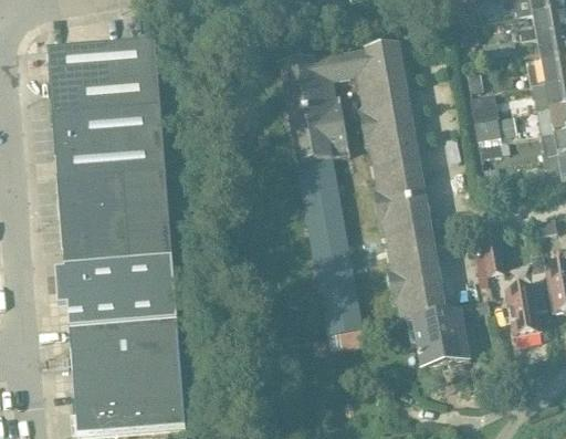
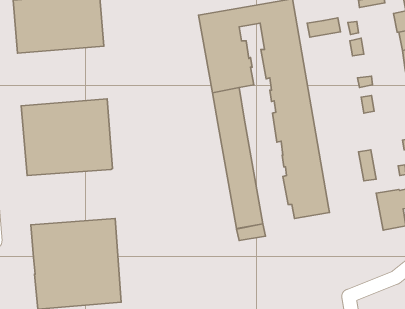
building: [53,103,166,178] -> none
building: [475,114,517,138] -> [307,18,340,37]
building: [56,258,176,327] -> none
building: [413,297,490,365] -> none

